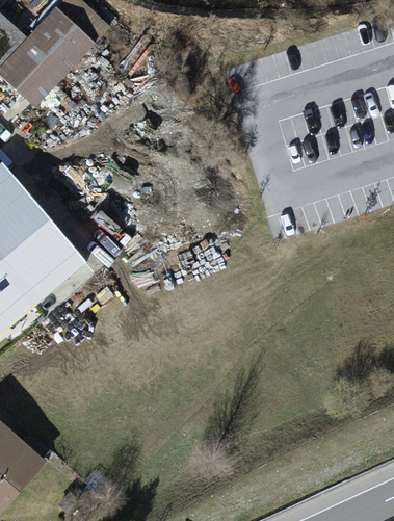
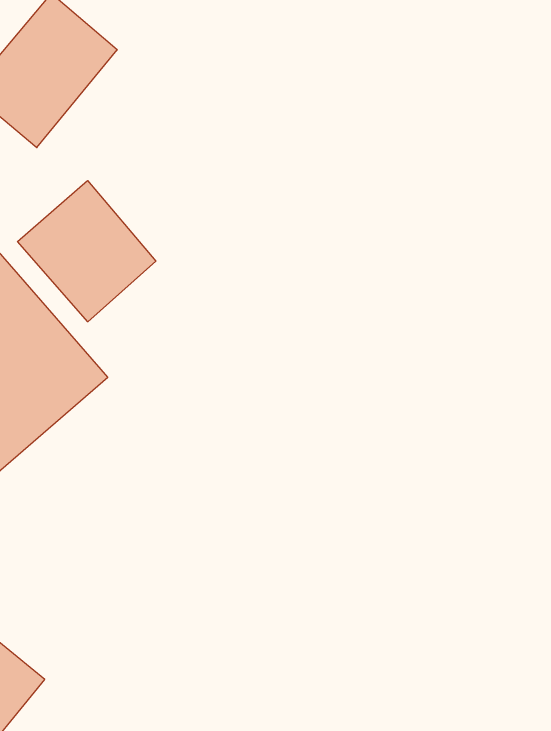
building: none -> [18,181,156,322]

